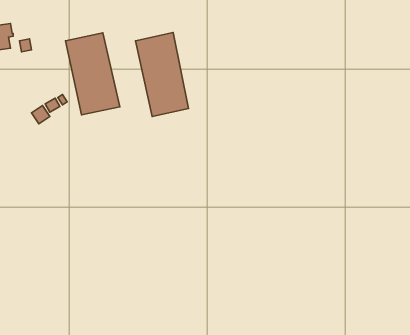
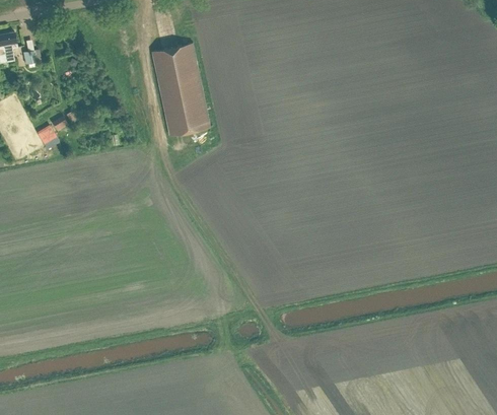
building: [65,33,120,115] -> none

